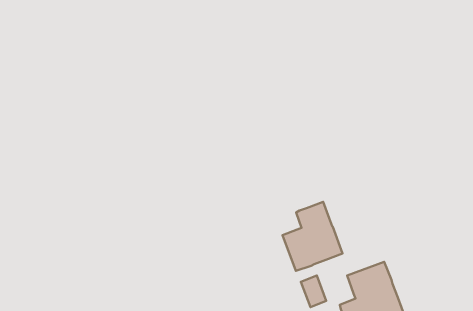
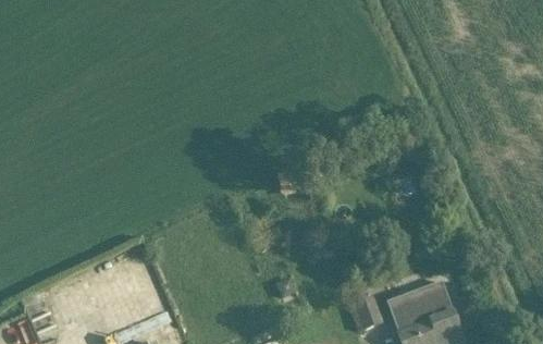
building: [282,202,343,271] -> none

